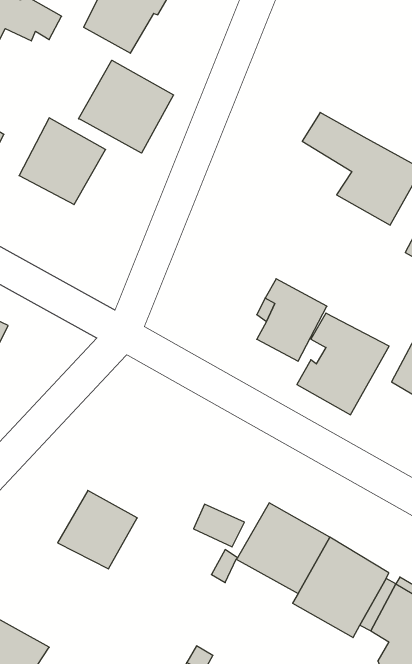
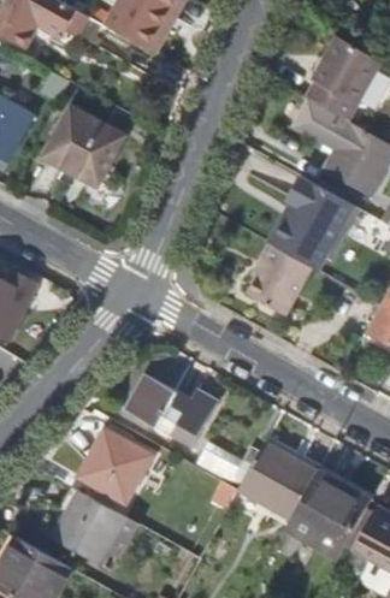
building: none -> [306,36,380,120]
building: [79,60,174,153] -> none
building: [297,313,389,415] -> [273,176,354,265]
building: none -> [126,372,215,444]
building: none -> [49,491,136,567]

